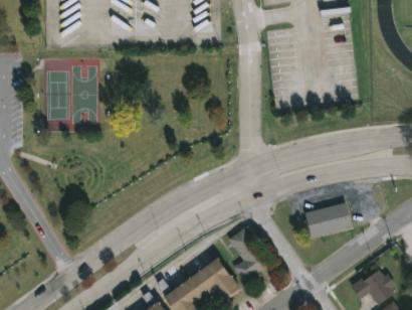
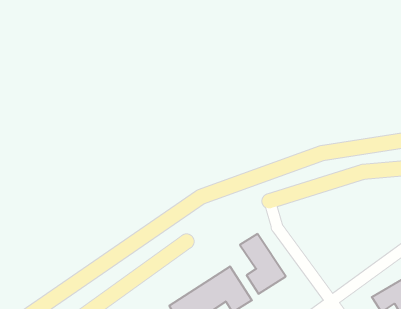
building: [305,203,352,237] -> none

